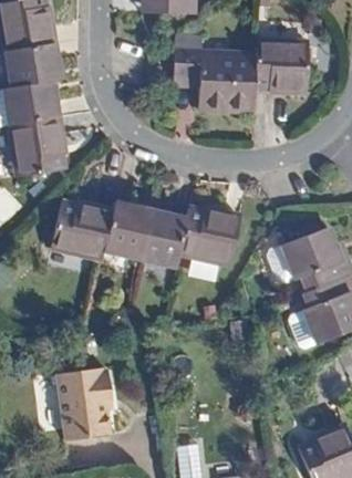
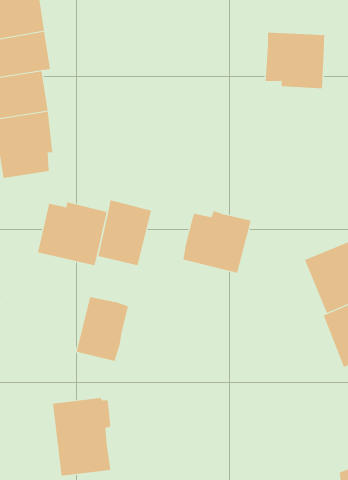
building: [173,39,255,113] -> none
building: [138,205,186,263] -> [76,296,129,362]

